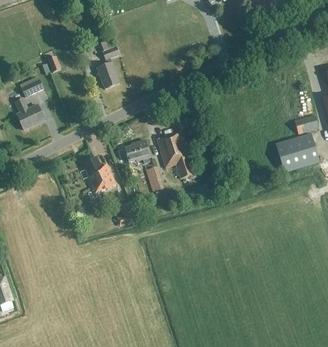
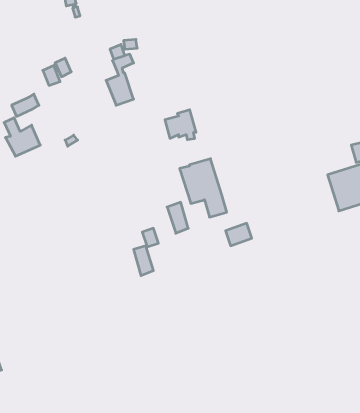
building: [125,138,150,162] -> [165,110,196,140]
building: [83,156,115,192] -> none

